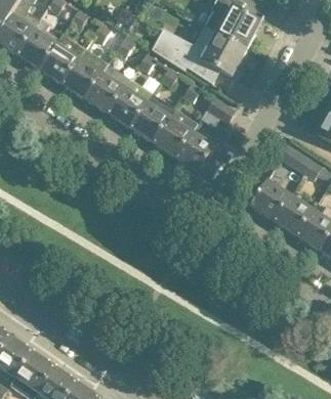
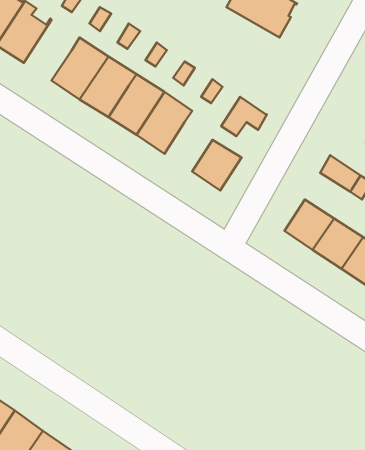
building: [153,24,247,83] -> none
building: [40,34,85,83] -> none
building: [154,107,199,157] -> none

